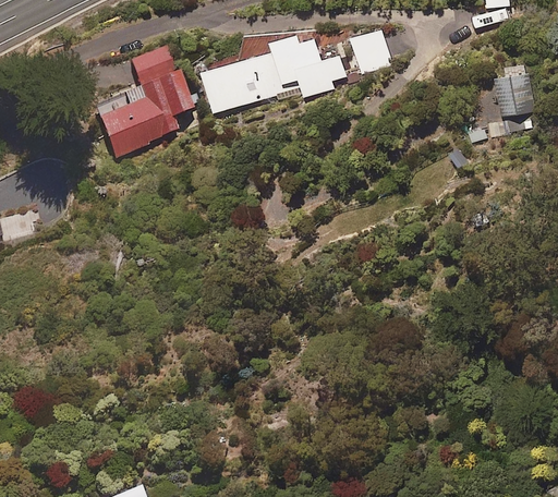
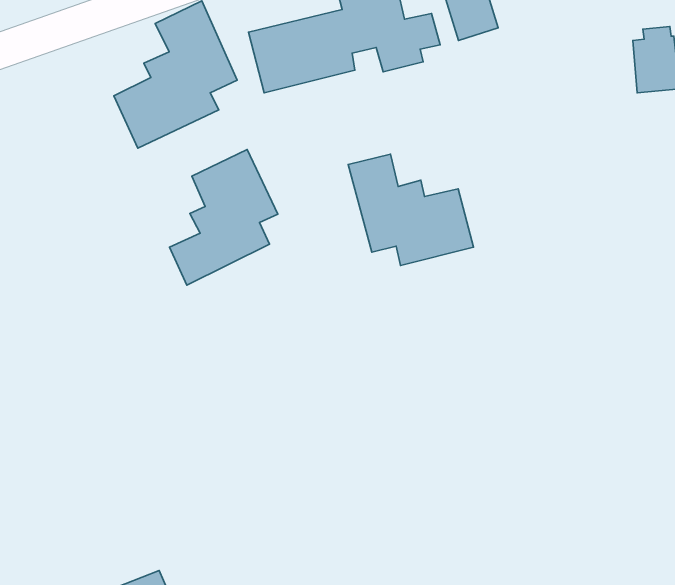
building: none -> [170,149,278,285]
building: none -> [348,154,473,266]

